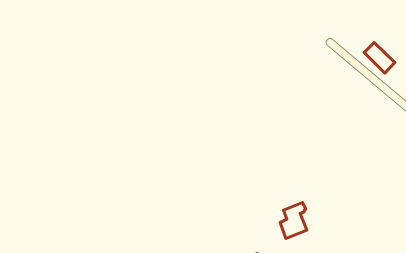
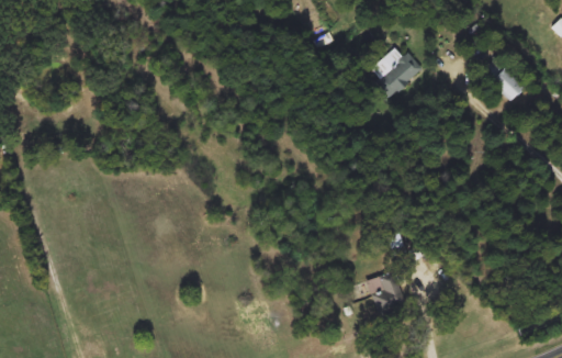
building: none -> [374,51,420,94]

